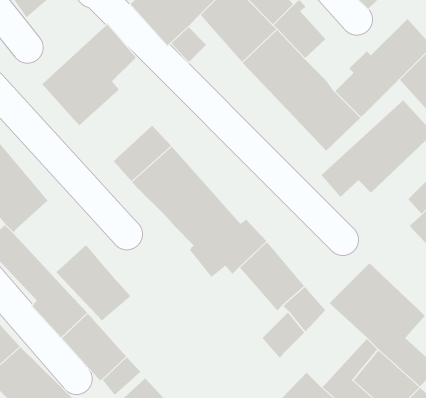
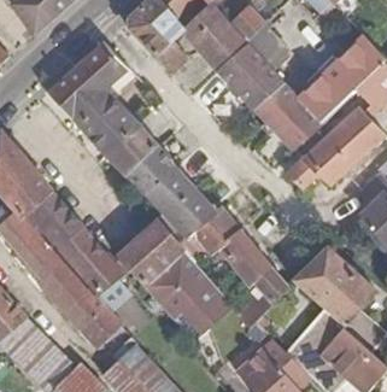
building: none -> [78,96,141,158]
building: none -> [25,192,84,253]
building: none -> [117,215,229,339]

